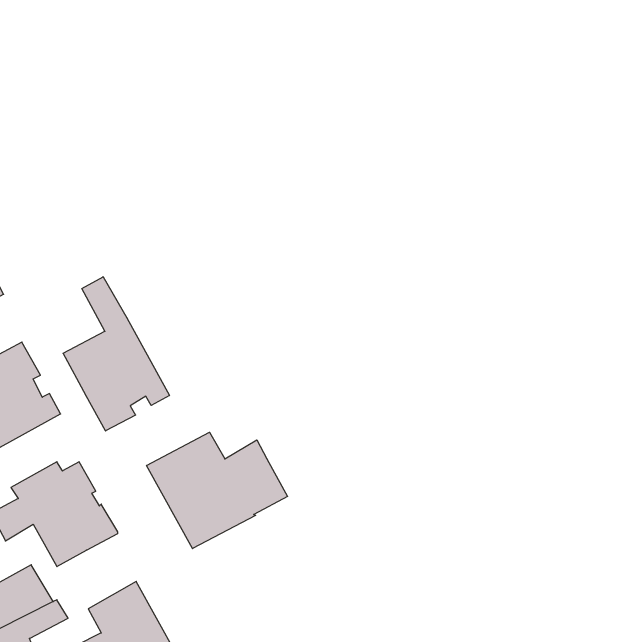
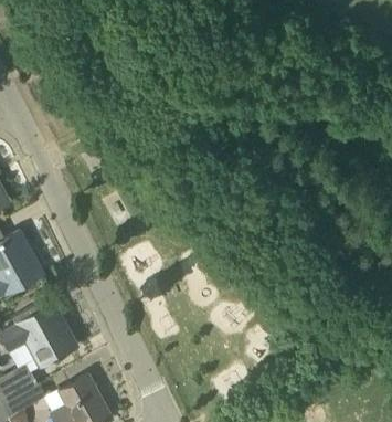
building: [63,277,169,431] -> none
building: [147,432,288,549] -> none

